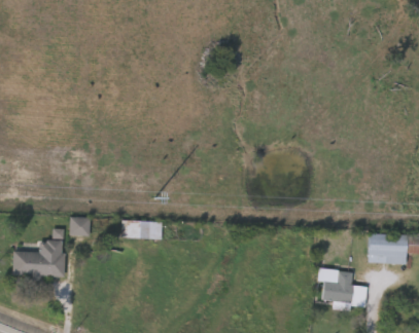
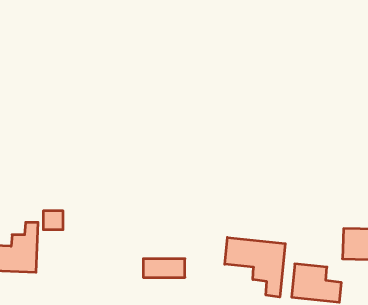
building: [121,220,163,238] -> [143,259,185,277]
building: none -> [225,237,285,297]

